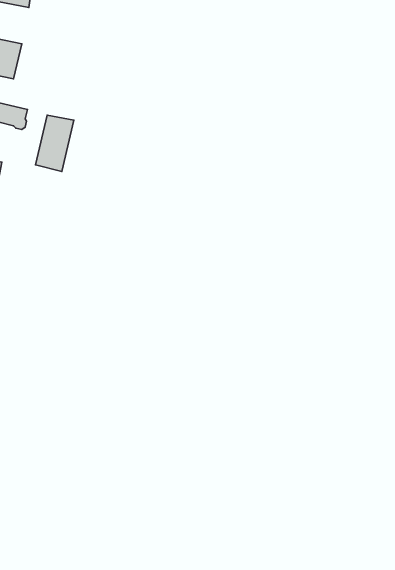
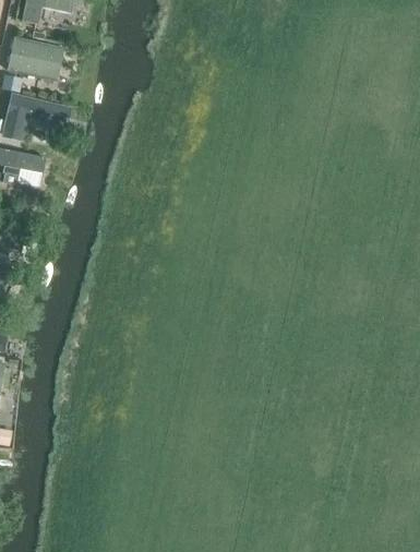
building: [35,115,74,171] -> none

